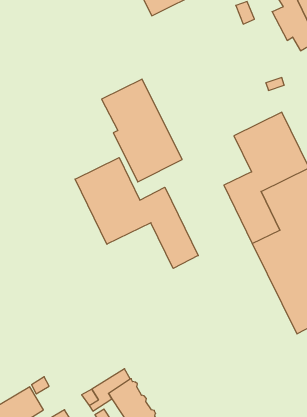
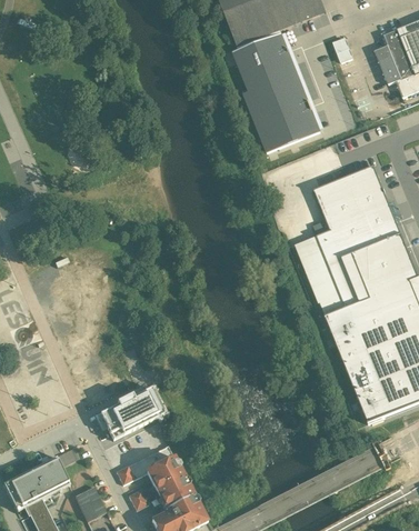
building: [102,79,182,182] -> [232,33,319,151]
building: [75,158,198,268] -> none
building: none -> [99,387,163,439]

